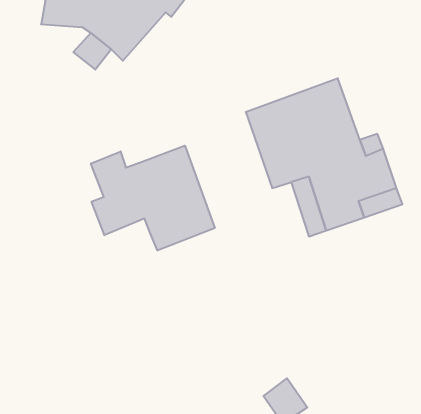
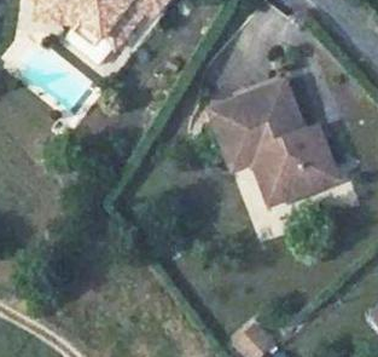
building: [91,146,215,250] -> none

